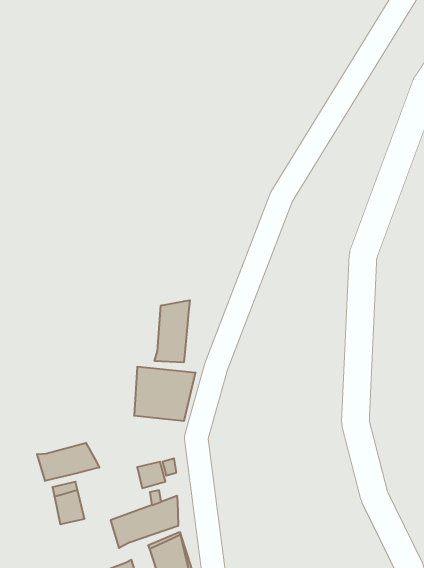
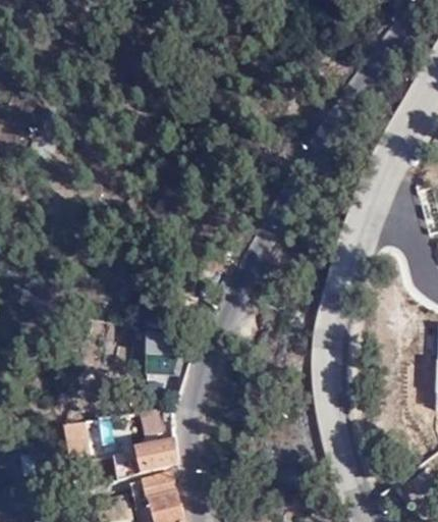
building: [155,300,190,362] -> none
building: [37,443,99,481] -> none

